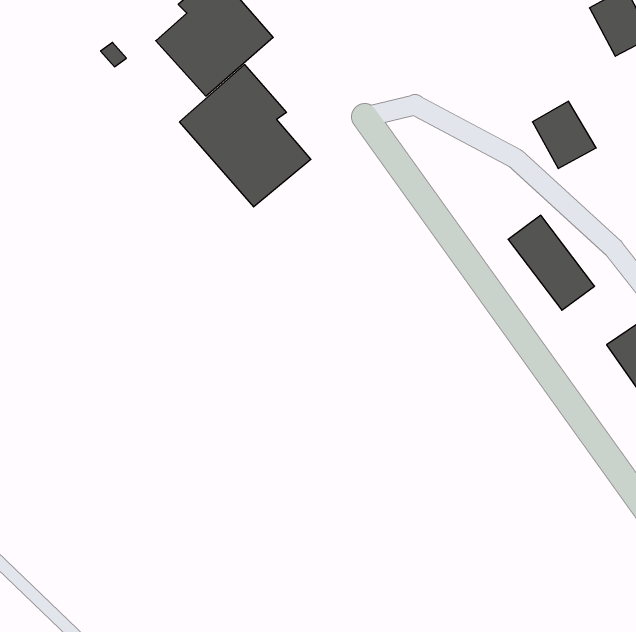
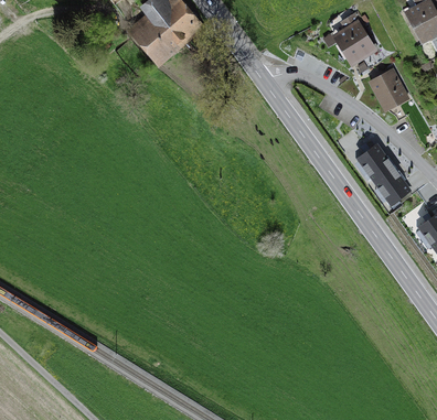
building: none -> [332,10,375,64]
building: [180,65,311,207] -> none

